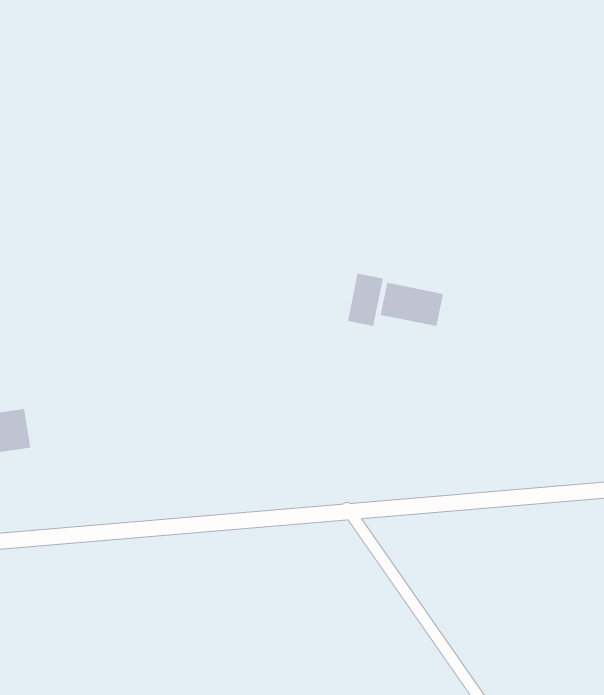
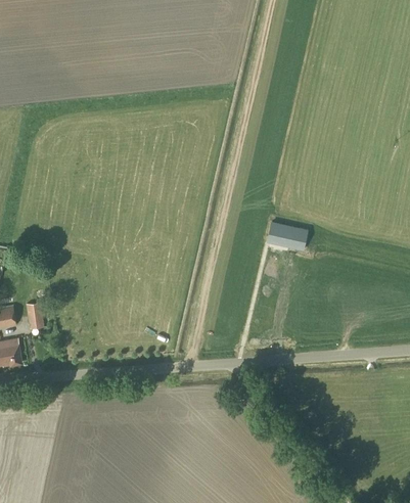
building: [348,273,383,327] -> none

